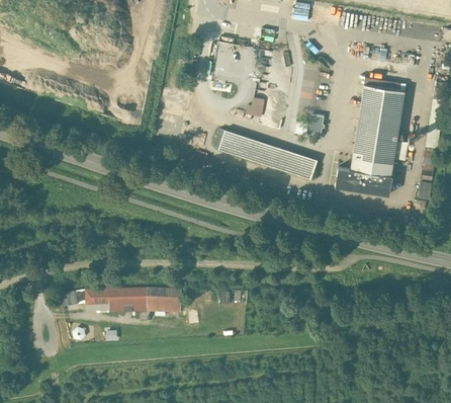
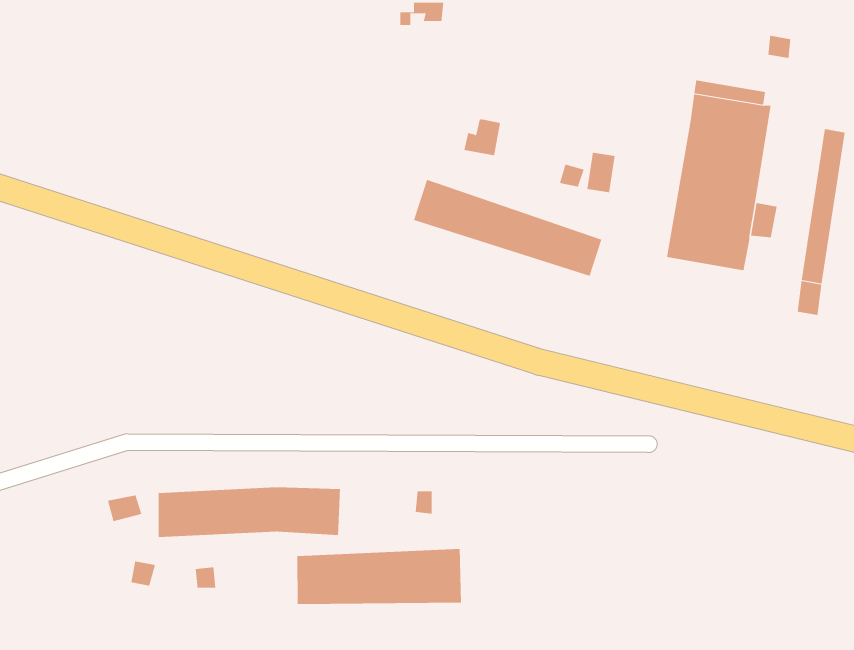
building: [335,167,392,195] -> none
building: none -> [297,548,461,605]

